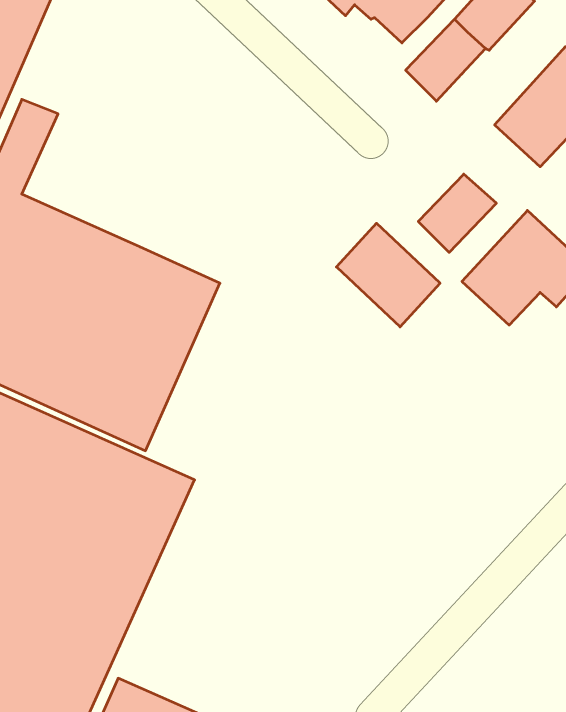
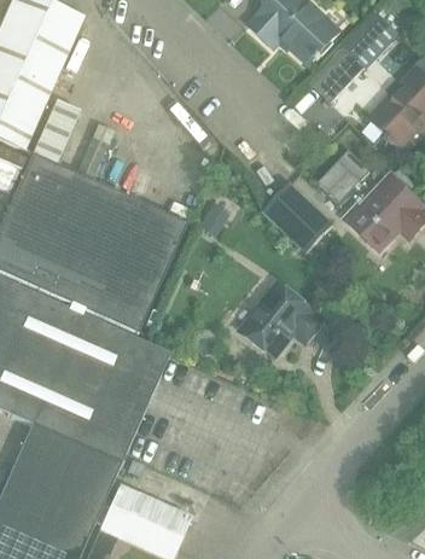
building: none -> [241,285,322,356]

